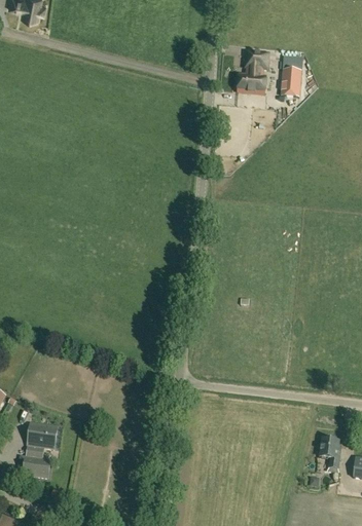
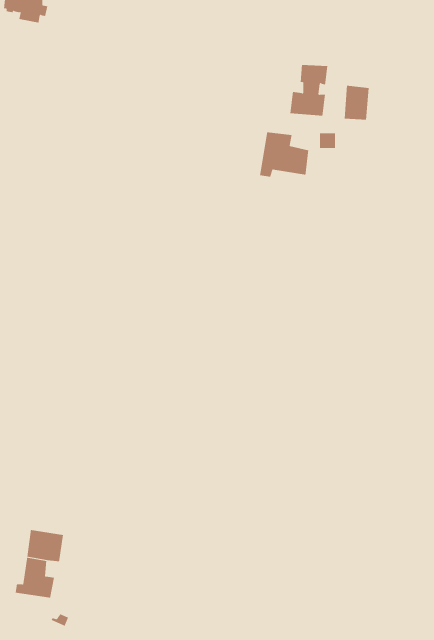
building: none -> [260,132,309,178]
building: [320,439,339,467] -> none

